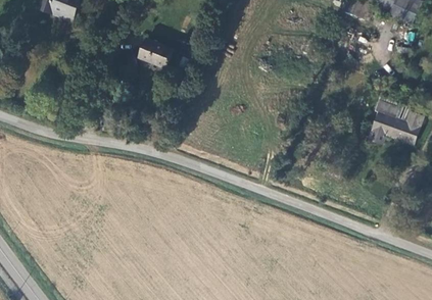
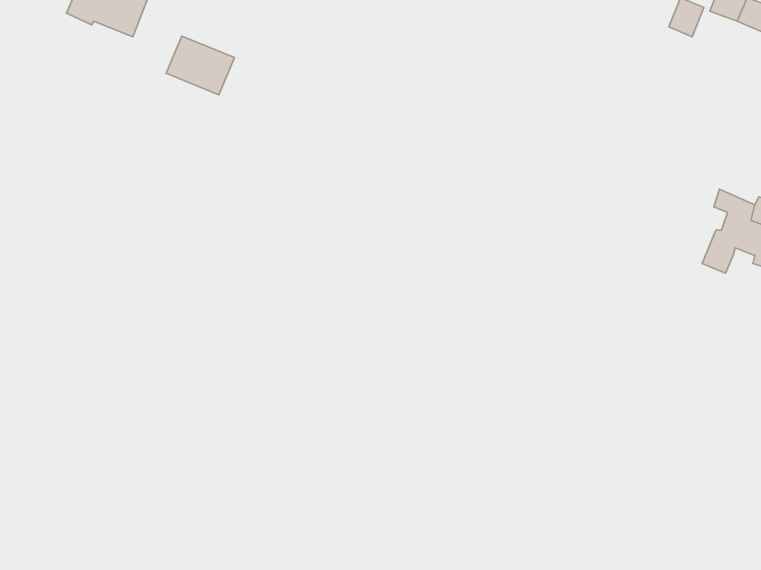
building: [138,38,174,68] -> [166,36,235,95]

